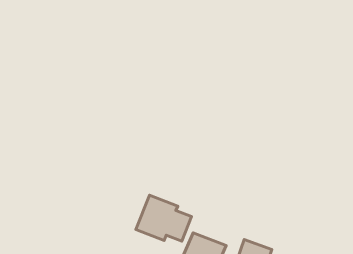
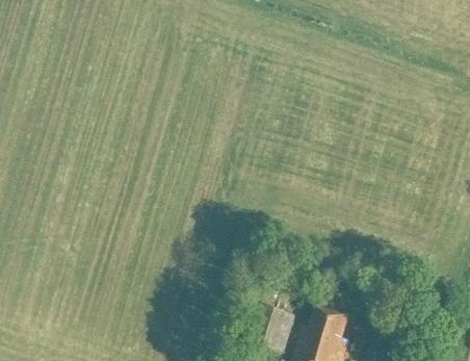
building: [136,195,191,241] -> none

